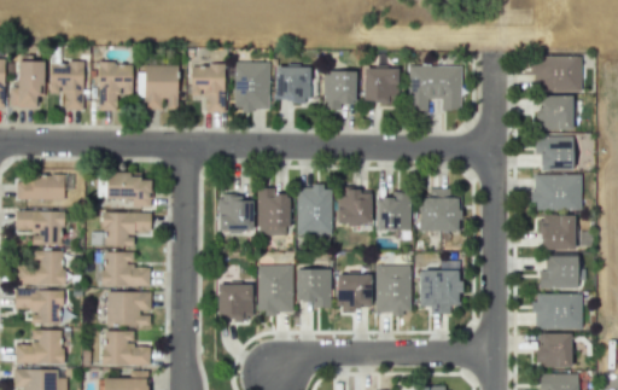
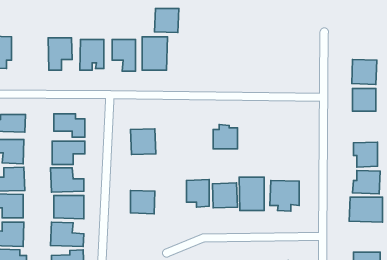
building: [531,56,582,92] -> none
building: [49,63,83,110] -> none
building: [408,65,462,110] -> none
building: [275,66,310,101] -> [155,8,179,33]
building: [363,68,398,103] -> none
building: [322,70,357,110] -> none
building: [534,174,581,210] -> none
building: [296,185,332,234] -> none
building: [257,187,290,234] -> none
building: [421,187,461,231] -> none
building: [377,192,410,231] -> none
building: [257,264,292,313] -> none
building: [537,332,572,367] -> none

